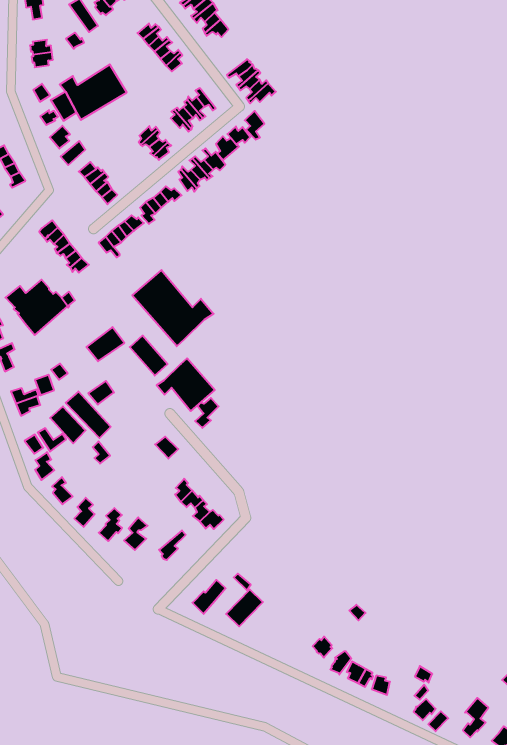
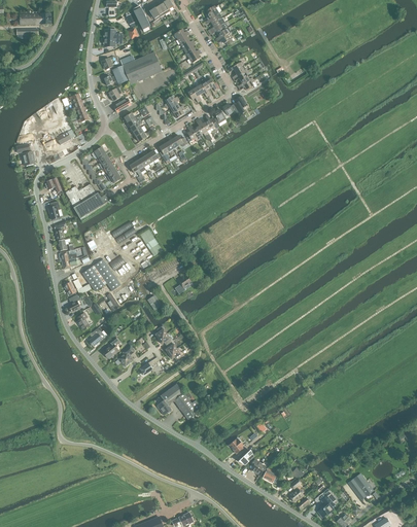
building: [132,270,214,346] -> none
building: [157,358,215,411] -> none

